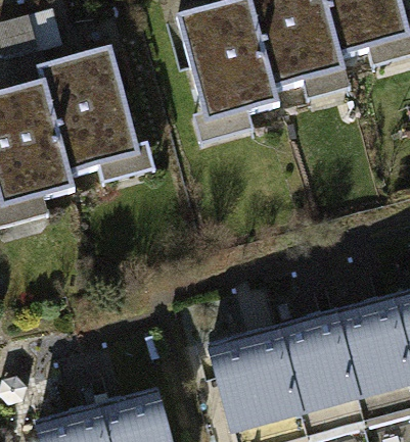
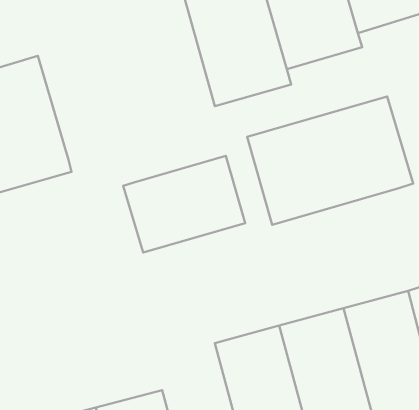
building: [40,46,142,176] -> none
building: none -> [247,96,413,225]
building: none -> [123,156,245,253]

